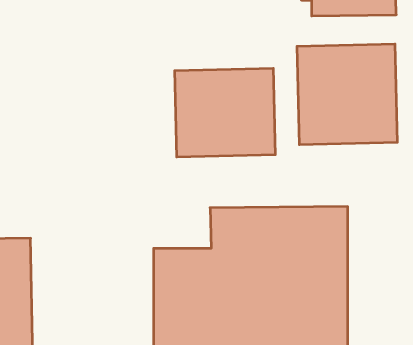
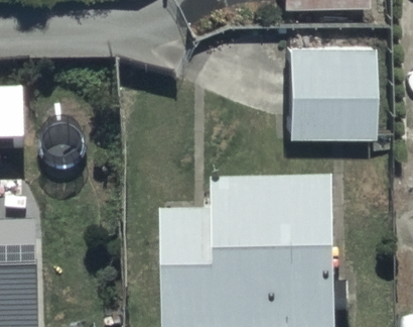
building: [175,68,275,157] -> none

